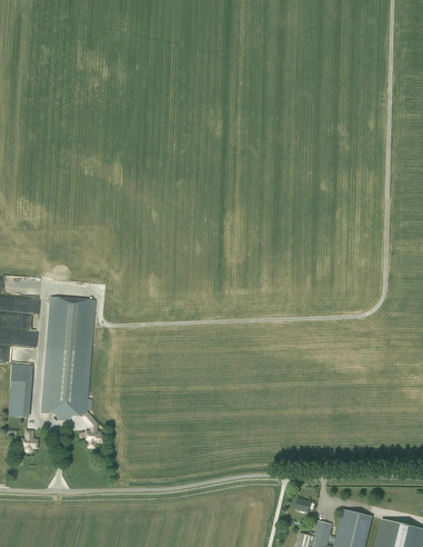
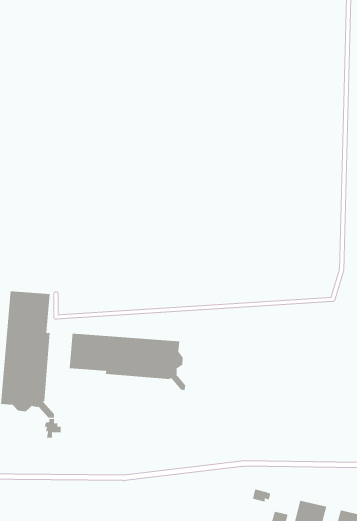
building: none -> [69,333,186,391]

